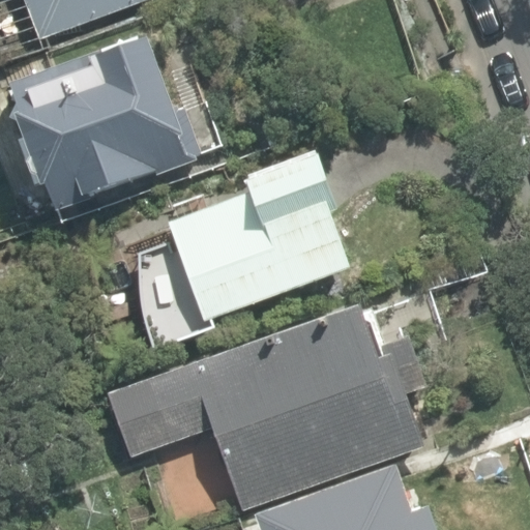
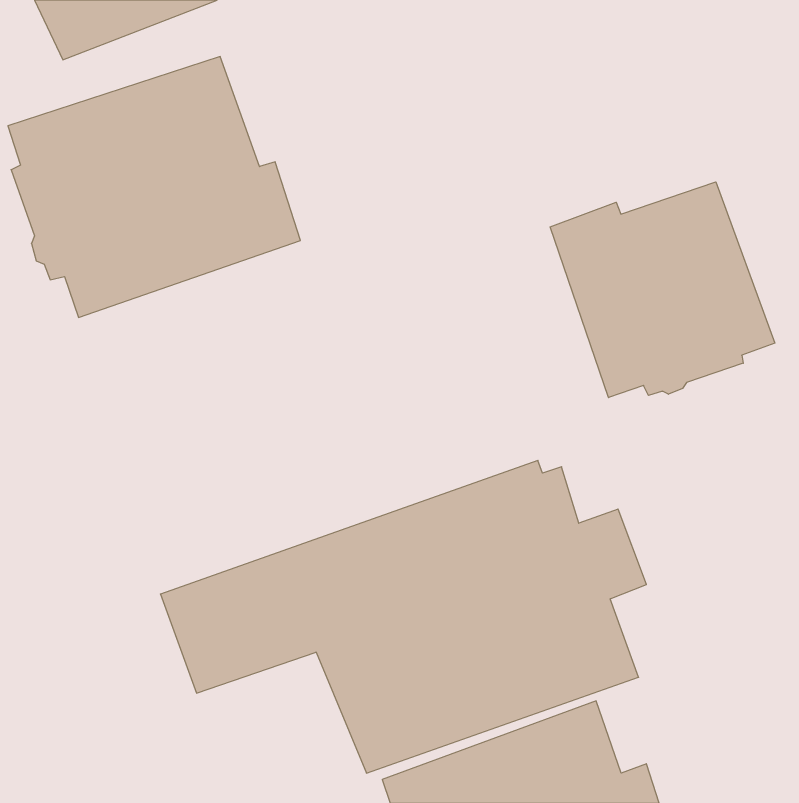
building: none -> [550,182,775,398]
building: [168,154,347,319] -> none

